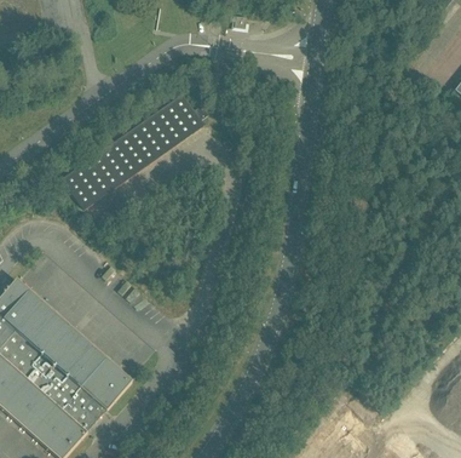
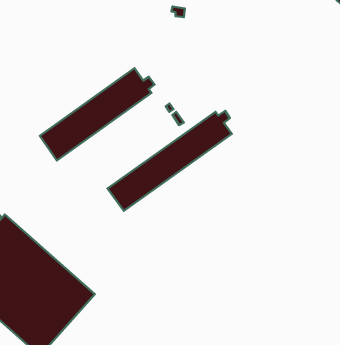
building: none -> [108,111,232,211]

